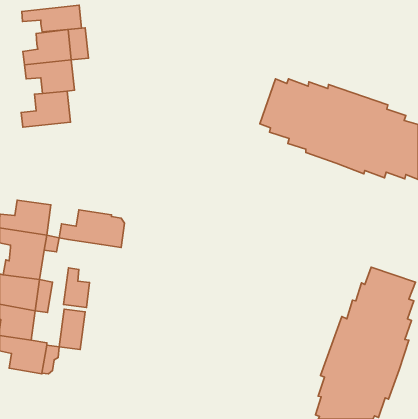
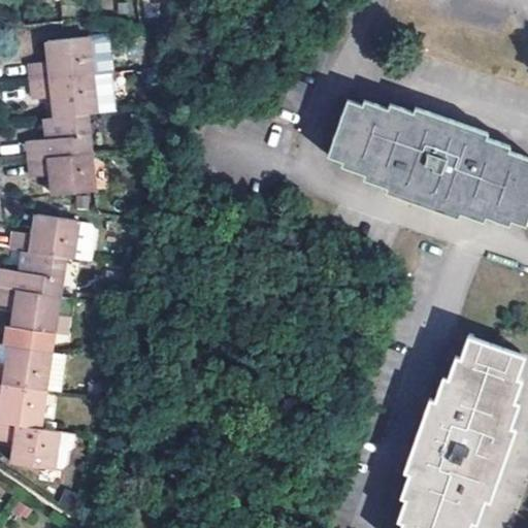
building: [22,5,82,32] -> none
building: none -> [29,154,92,196]
building: [59,210,125,248] -> [10,214,93,262]
building: [64,268,90,308] -> none
building: [59,309,85,349] -> none

